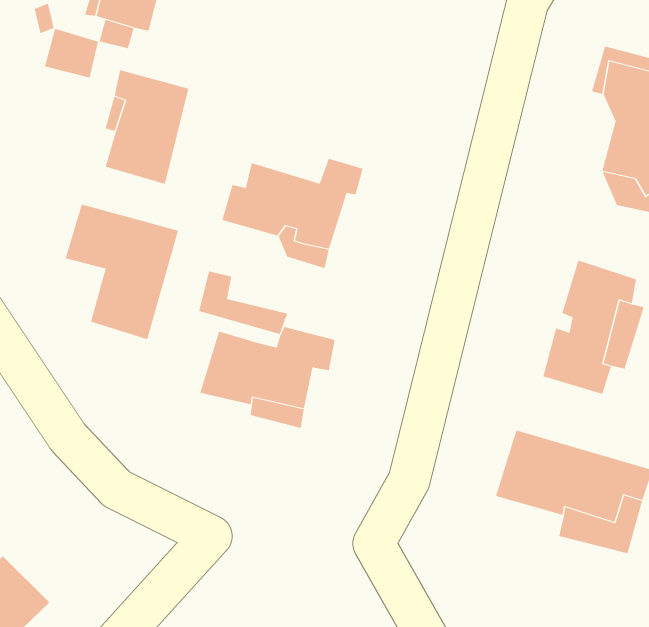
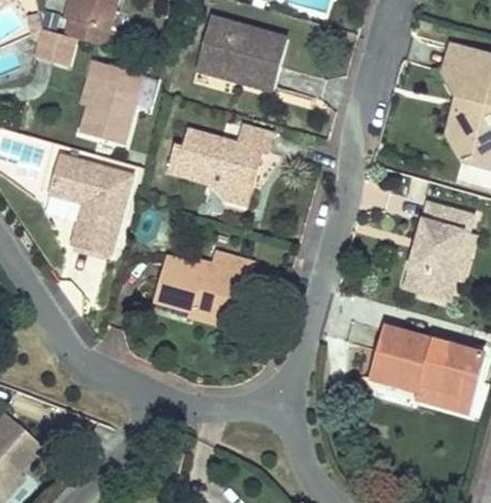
building: none -> [199,14,286,86]
building: [198,271,288,335] -> none

